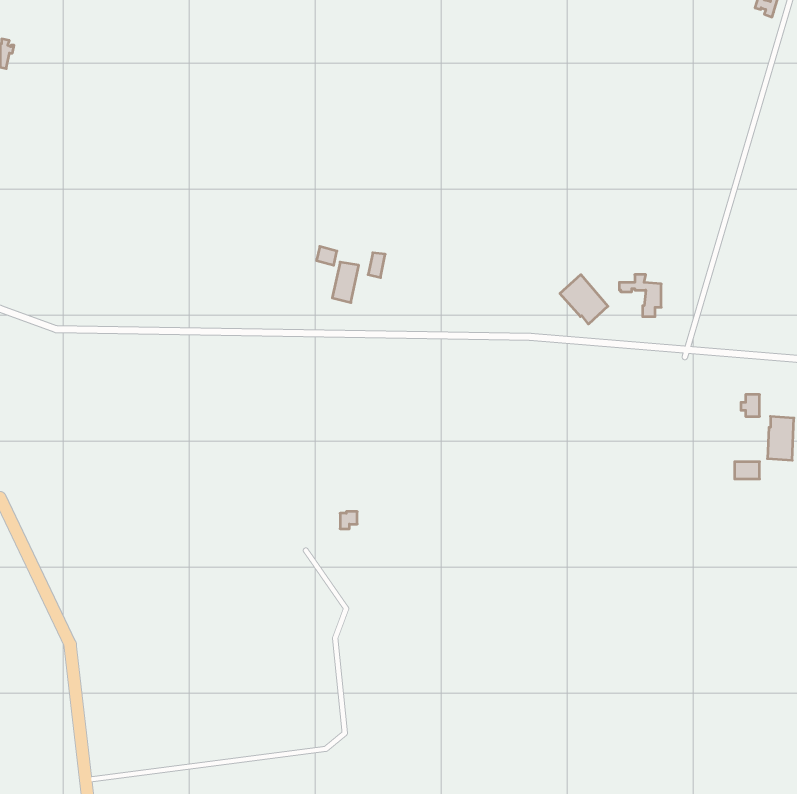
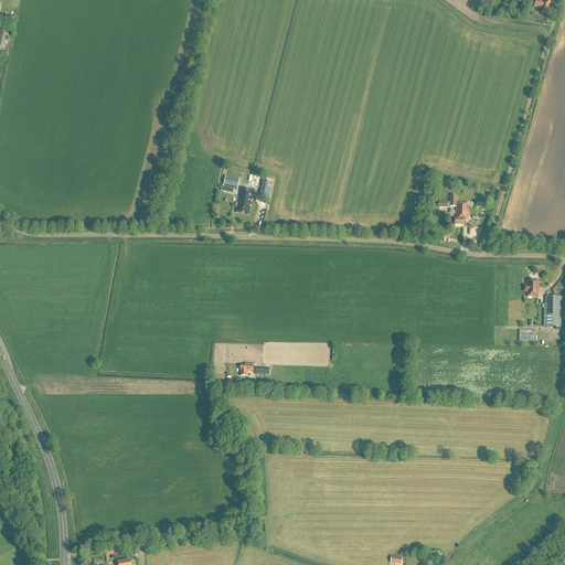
building: [560,275,608,324] -> none

